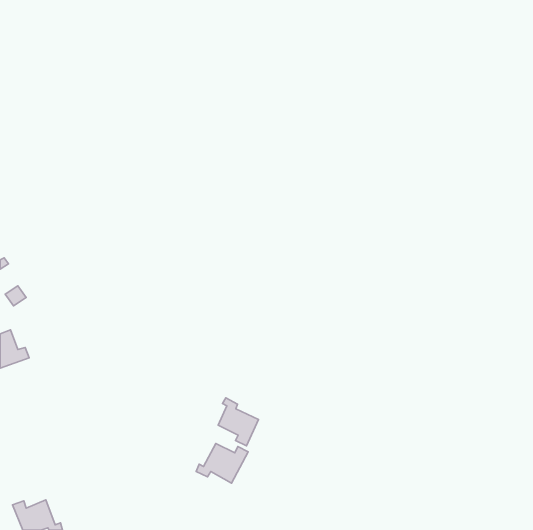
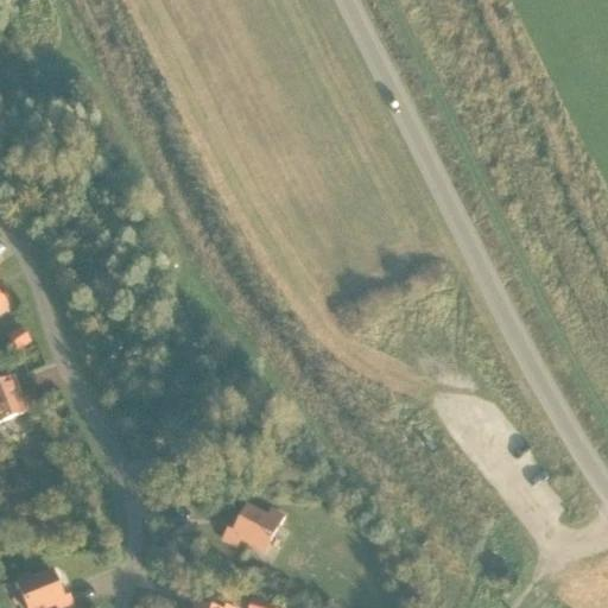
building: [218,398,259,446] -> none

